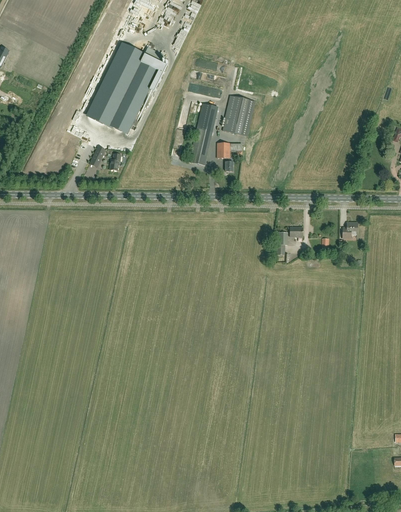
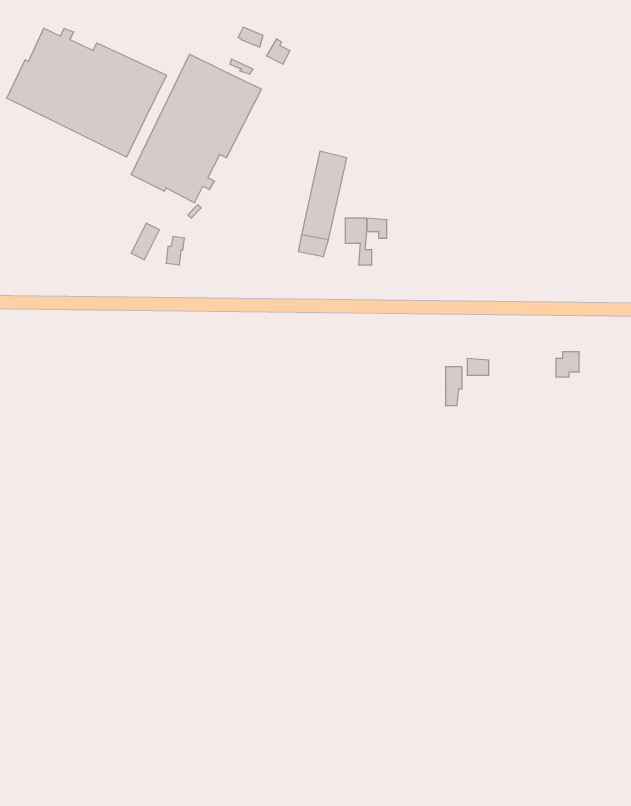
building: none -> [7,28,167,157]
building: [222,95,253,135] -> none

